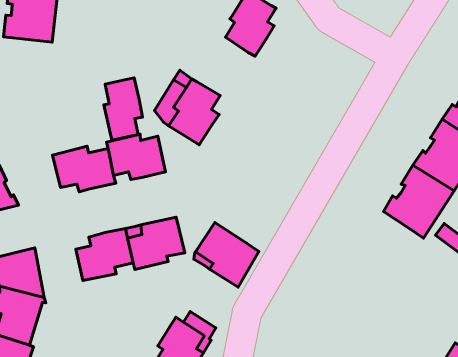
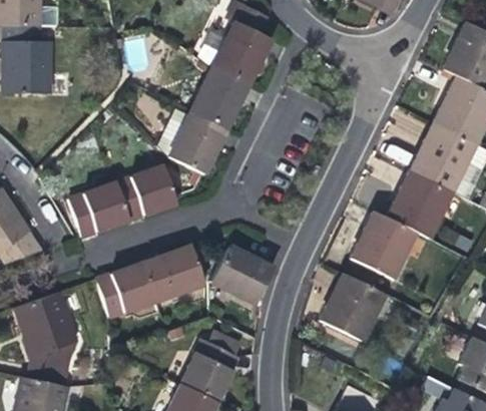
building: none -> [196,65,242,128]
building: [104,78,142,140] -> none
building: none -> [351,212,416,279]
building: none -> [320,273,385,340]

